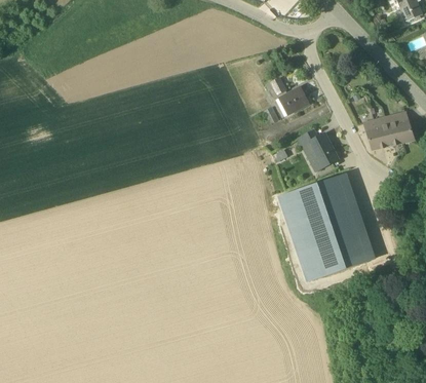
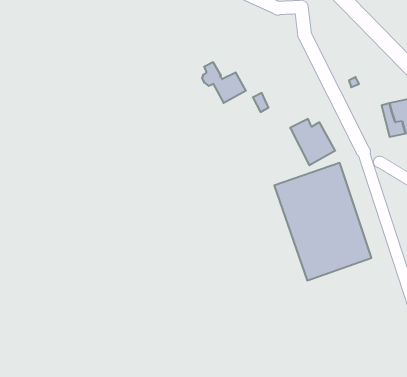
building: [269,77,309,114] -> [202,62,246,103]
building: [363,117,388,150] -> none

